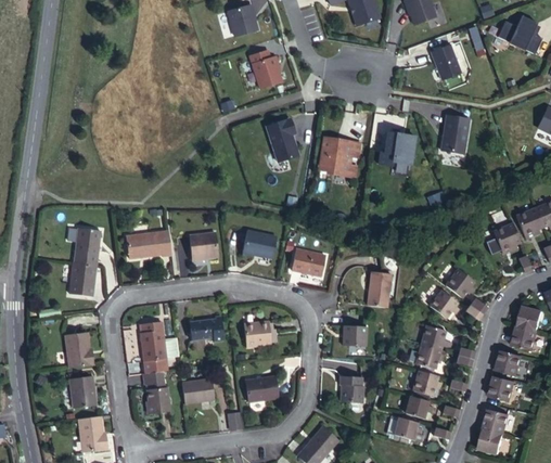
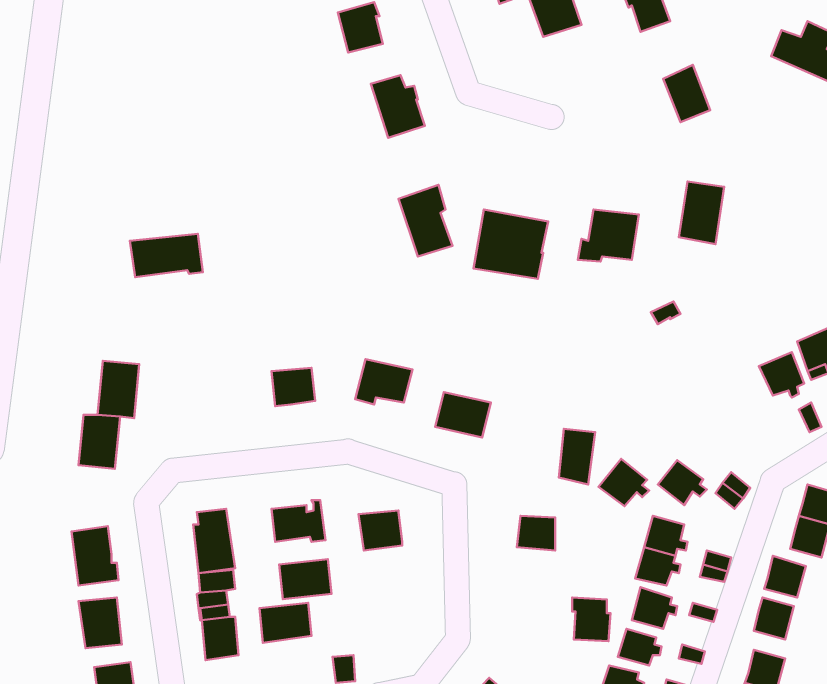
building: [125,230,170,257] -> [130,234,203,277]
building: [445,268,476,297] -> [599,459,649,506]
building: [244,375,277,400] -> [279,559,331,599]
building: [337,375,361,402] -> [572,598,610,641]

